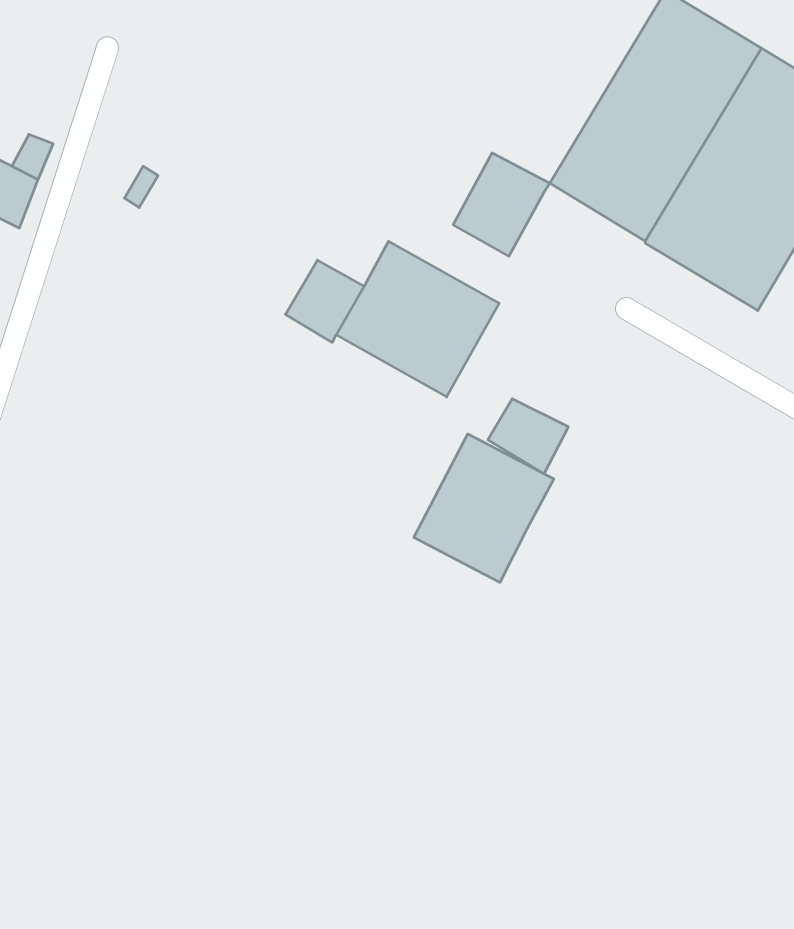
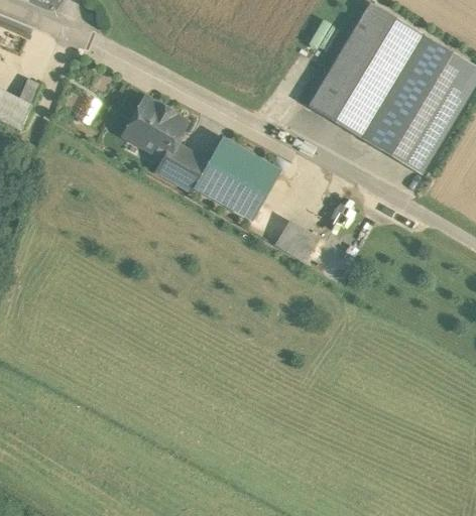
building: [453,153,550,256] -> none
building: none -> [123,100,186,176]
building: [414,434,554,582] -> none

